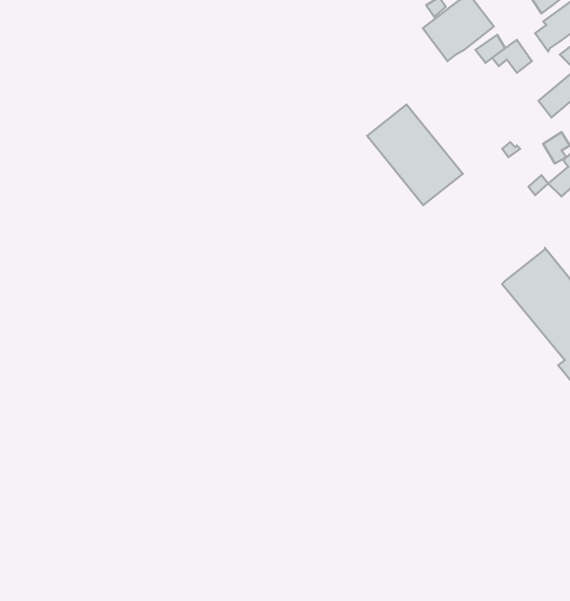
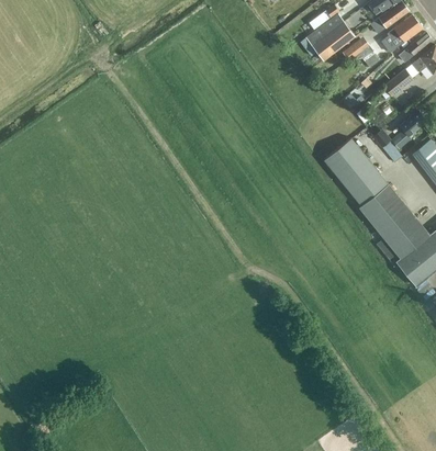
building: [367,105,463,205] -> [324,139,388,206]

